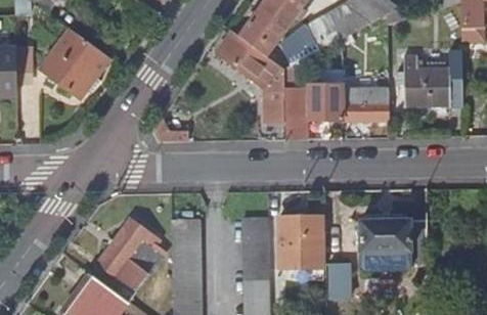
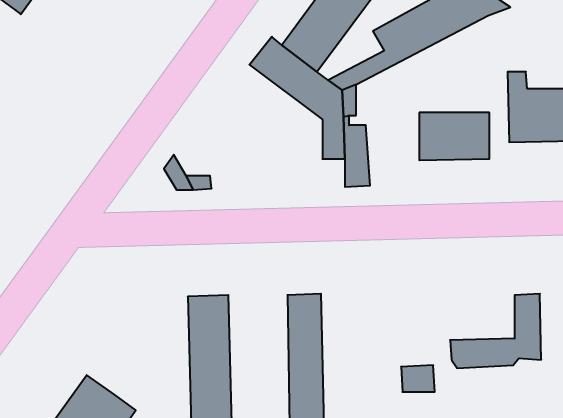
building: [39,30,107,99] -> none
building: [306,78,339,121] -> none
building: [279,212,322,268] -> none
building: [90,219,158,291] -> none
building: [360,219,408,252] -> none

